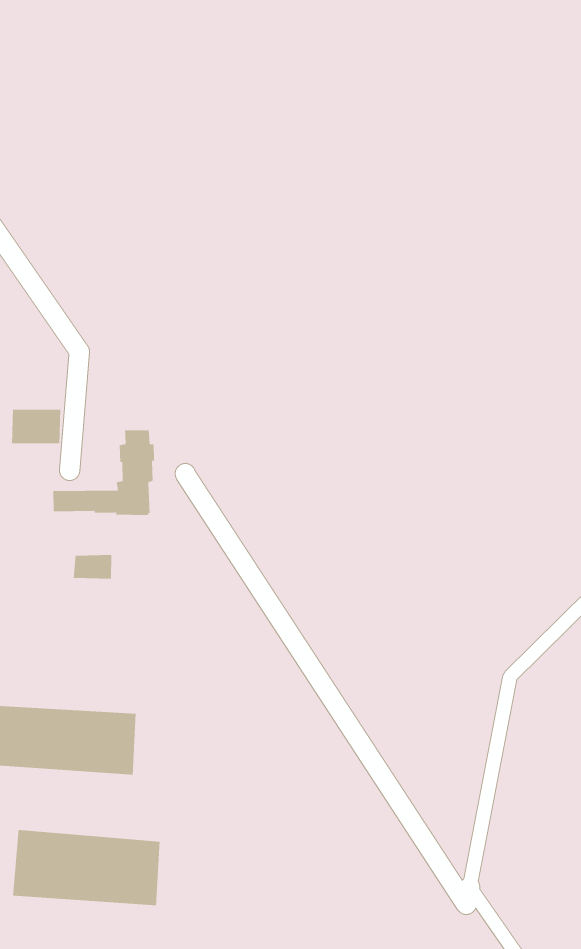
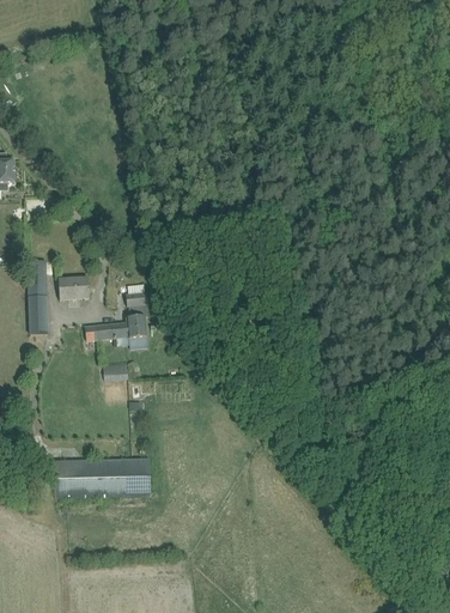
building: [12,829,160,906] -> none

